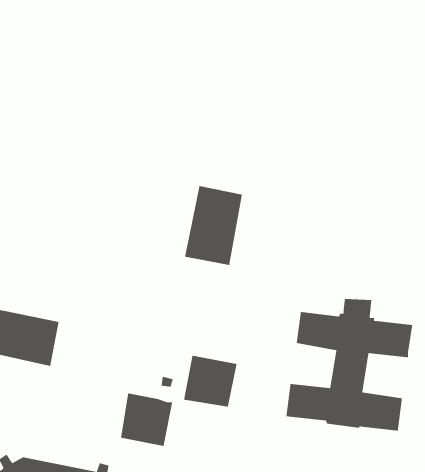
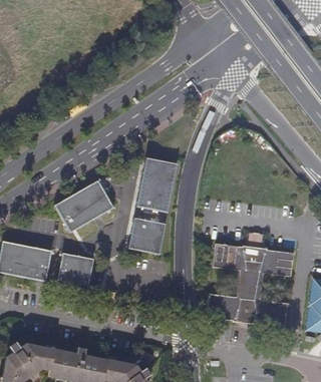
building: none -> [55,180,113,233]
building: [183,355,237,407] -> [128,218,166,254]
building: [120,393,173,447] -> [57,253,93,290]

